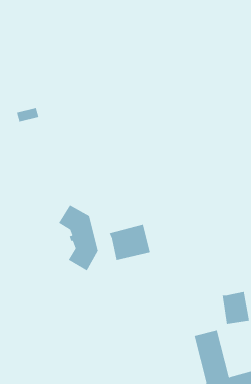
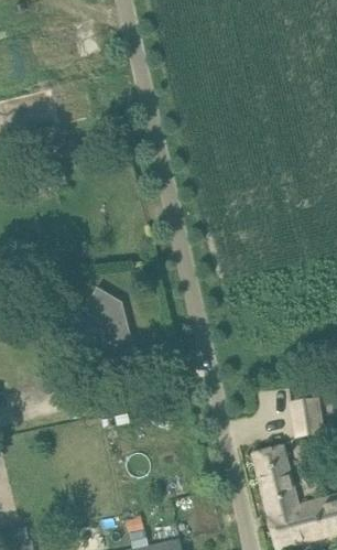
building: [109,224,151,261] -> none

